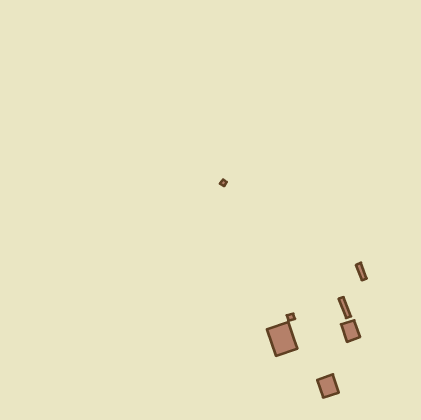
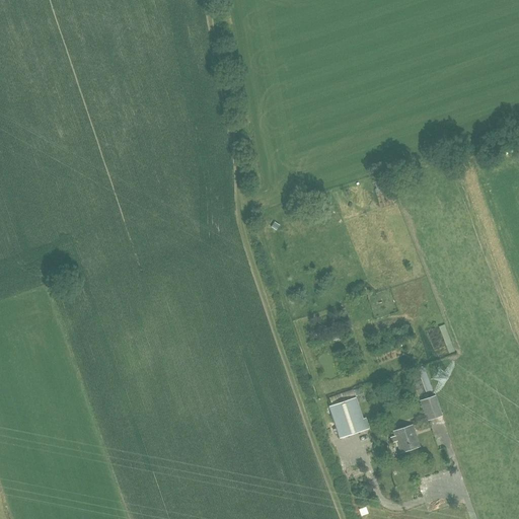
building: [317,374,339,397] -> [393,424,420,452]

